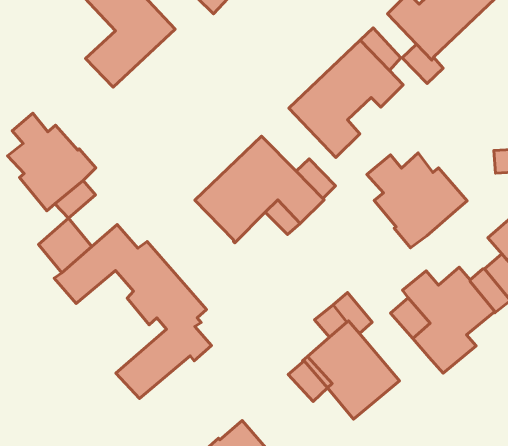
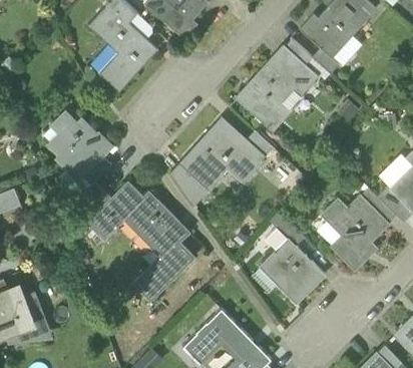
building: [367,153,467,248] -> none
building: none -> [171,163,208,205]

